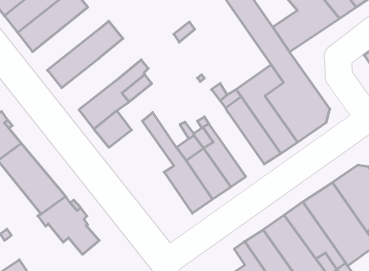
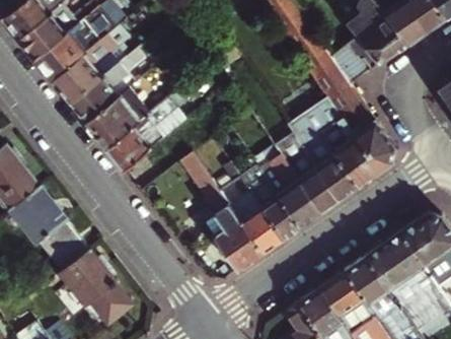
building: none -> [54,27,132,105]
building: none -> [87,91,150,150]
building: none -> [268,153,321,227]

